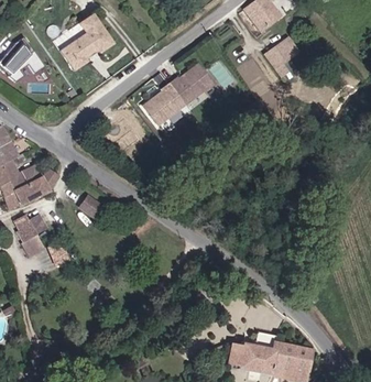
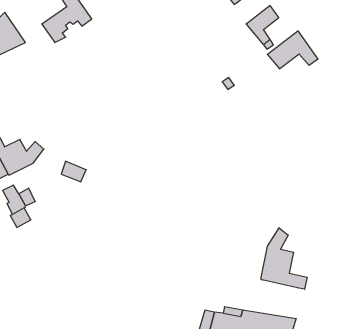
building: none -> [268,31,318,69]
building: [143,68,215,133] -> none
building: none -> [261,228,307,289]

